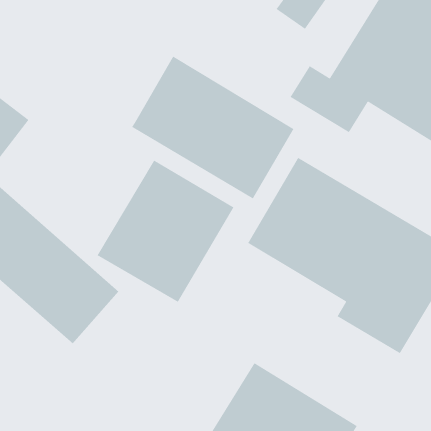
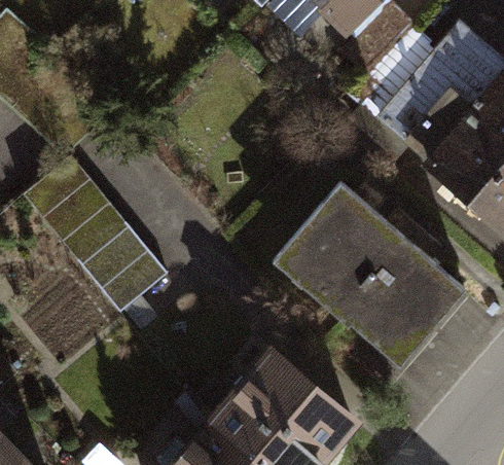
building: [131,55,295,199] -> none
building: [96,159,235,303] -> none

